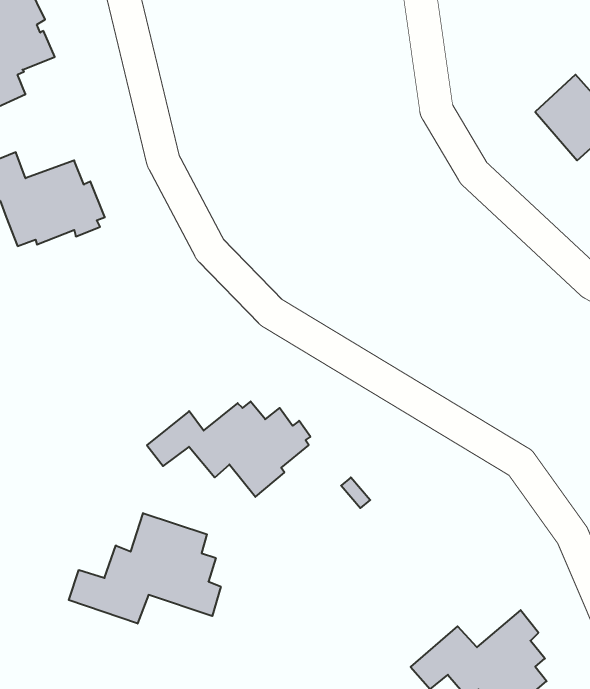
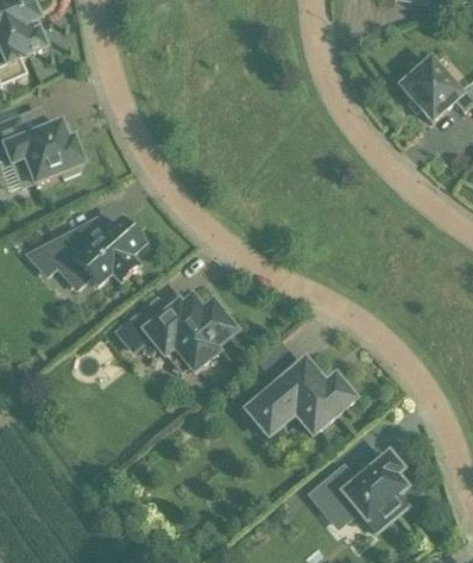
building: none -> [43,220,143,284]
building: none -> [247,359,354,433]
building: [69,513,221,624] -> none

